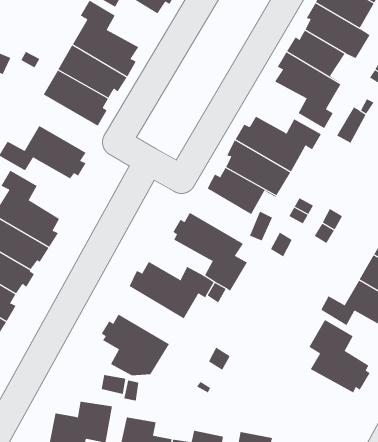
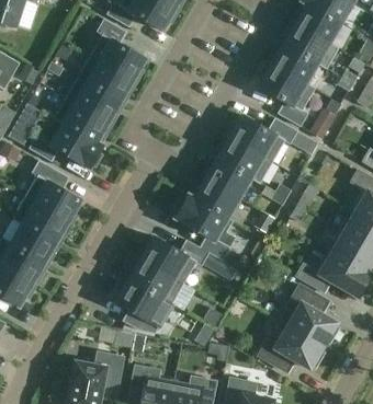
building: none -> [54,97,112,142]
building: none -> [188,175,239,218]
building: none -> [128,256,183,304]
building: none -> [258,325,325,369]

